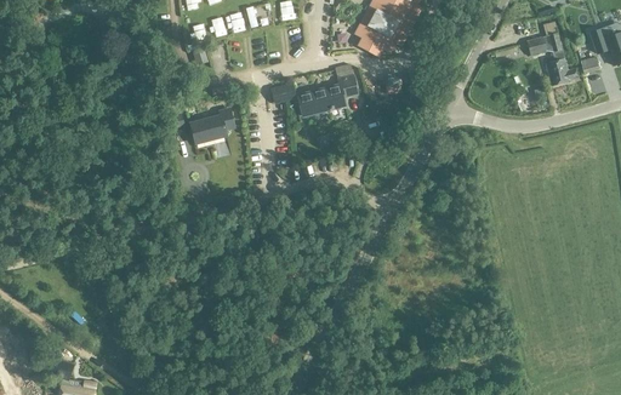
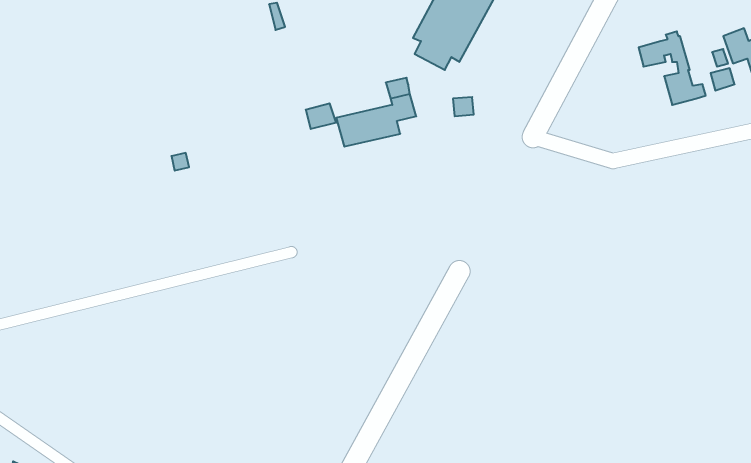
building: [190,107,235,141] -> none

